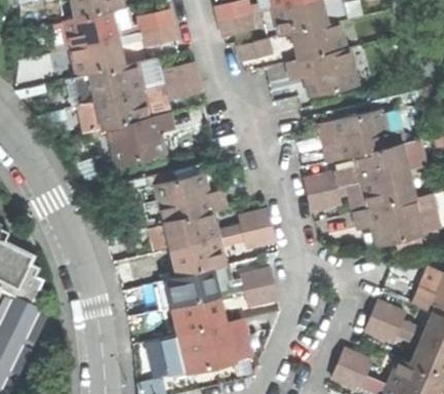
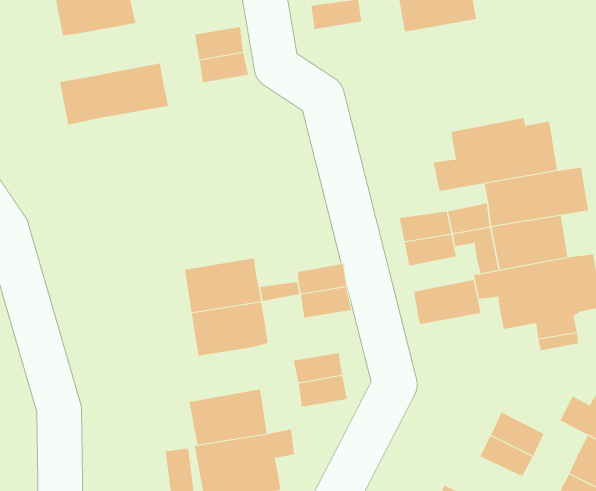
building: [285,48,356,97] -> none
building: [87,62,142,102] -> none
building: [106,113,172,164] -> none
building: [153,174,224,223] -> none
building: none -> [414,279,481,325]
building: [167,269,219,307] -> none

